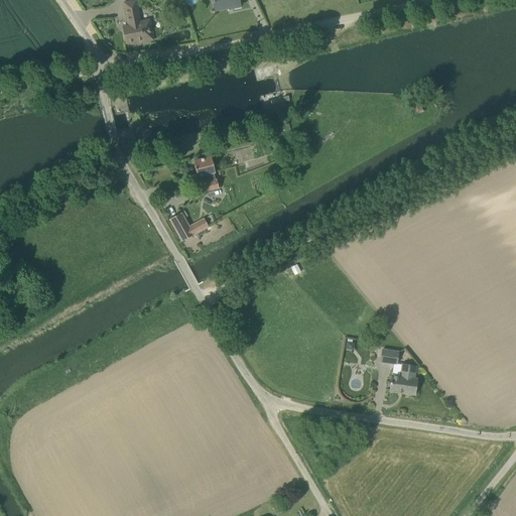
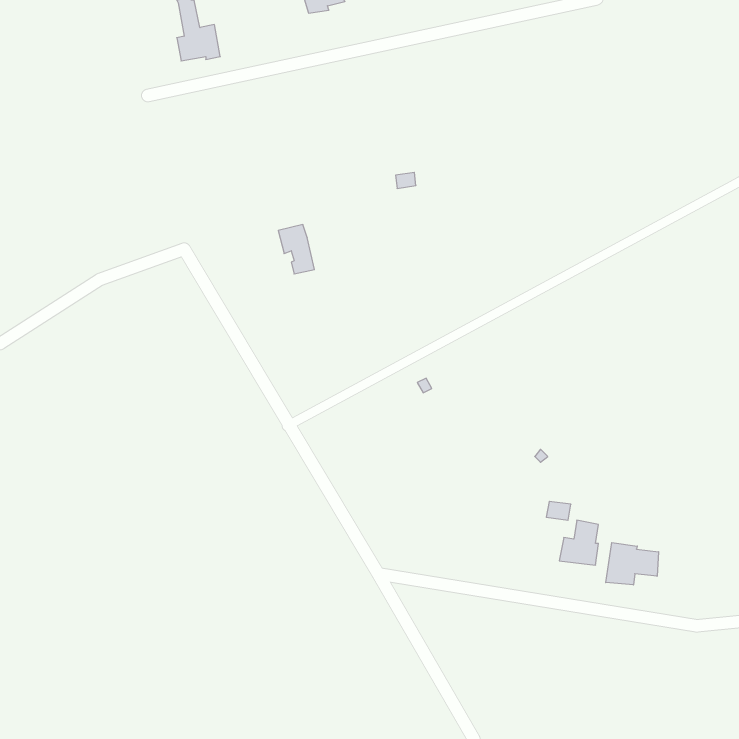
building: [170,210,209,240] -> none
building: none -> [606,543,659,585]

